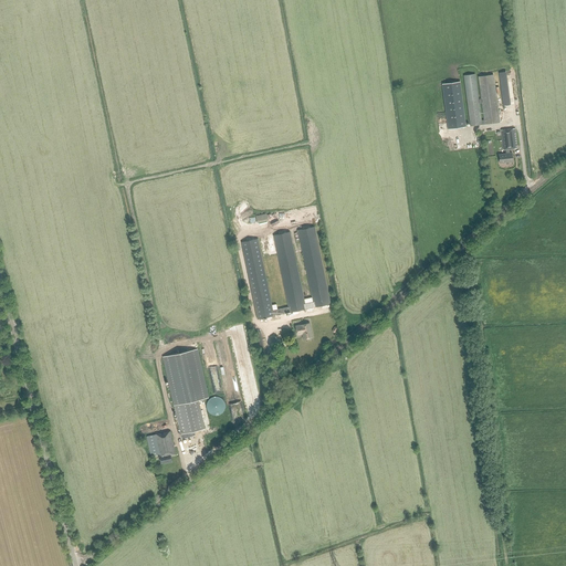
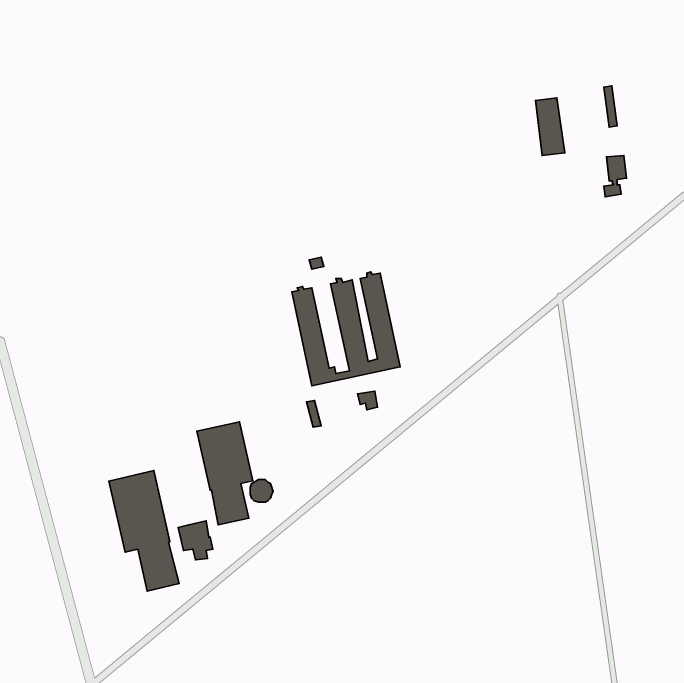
building: [463,73,500,125] -> none
building: none -> [109,470,179,591]

